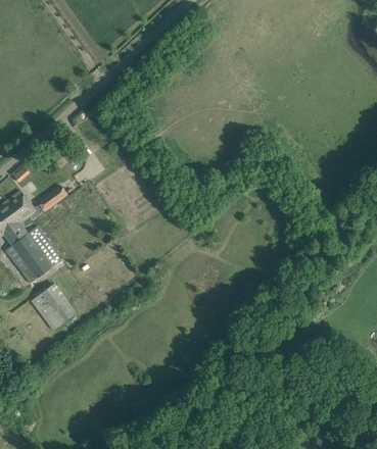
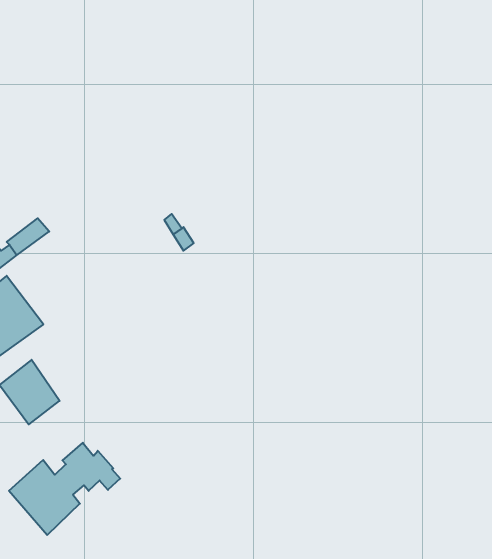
building: none -> [9,443,120,535]

